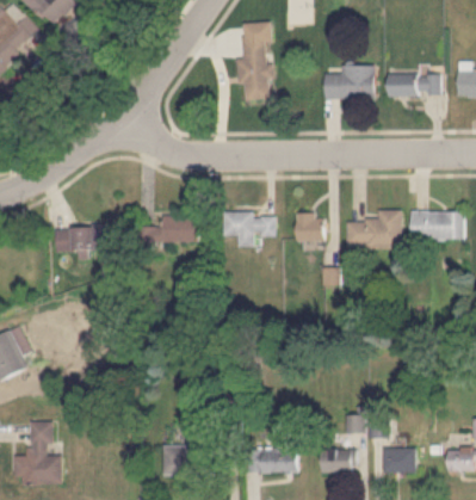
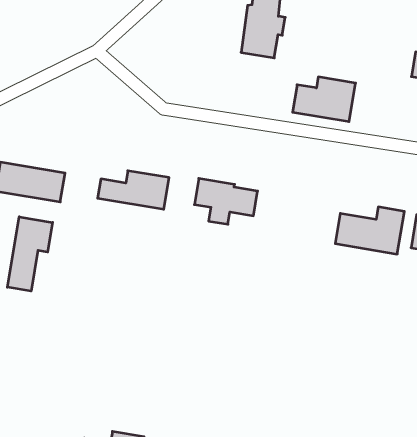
building: [324,64,373,98] -> [293,77,356,122]
building: [295,214,324,242] -> none
building: none -> [7,217,53,291]

